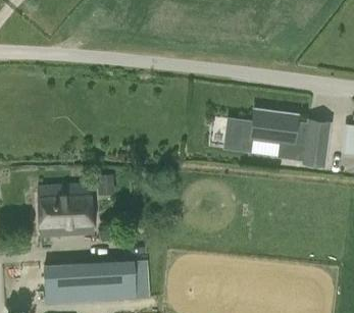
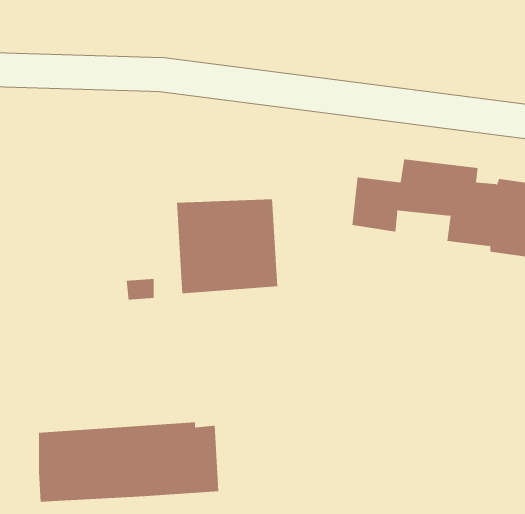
building: [36,185,94,239] -> [176,199,278,294]

